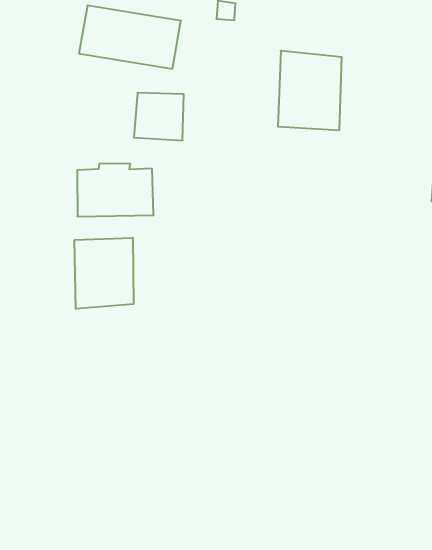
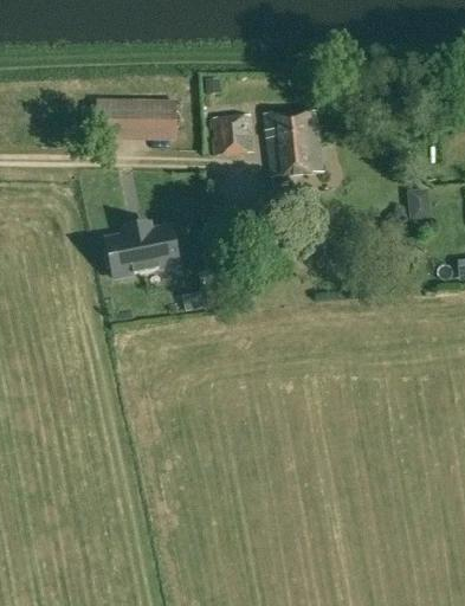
building: [134,93,184,140] -> [212,111,256,154]
building: [75,238,134,309] -> none

